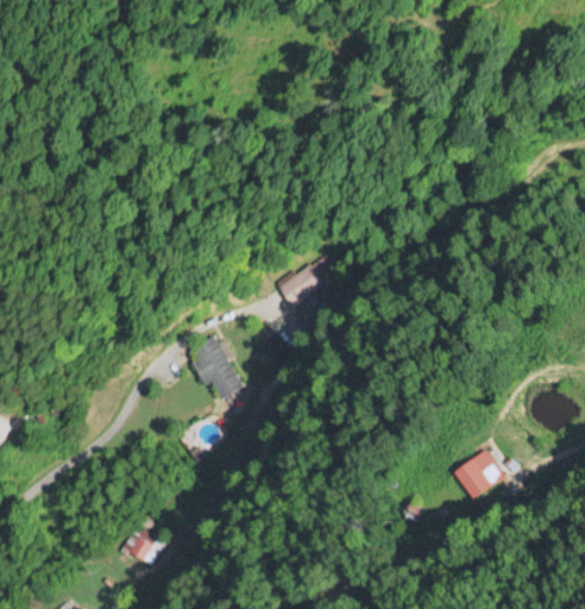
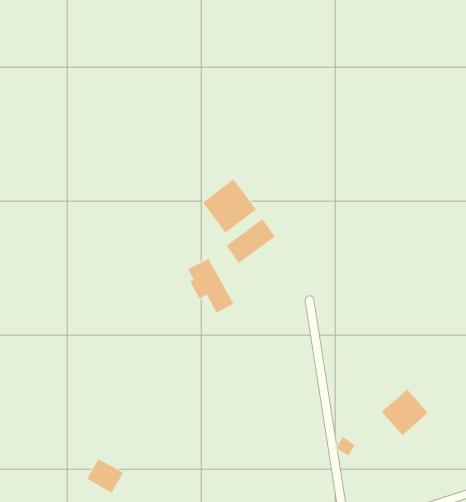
building: none -> [202,179,257,233]
building: [190,337,243,398] -> [188,258,234,313]

